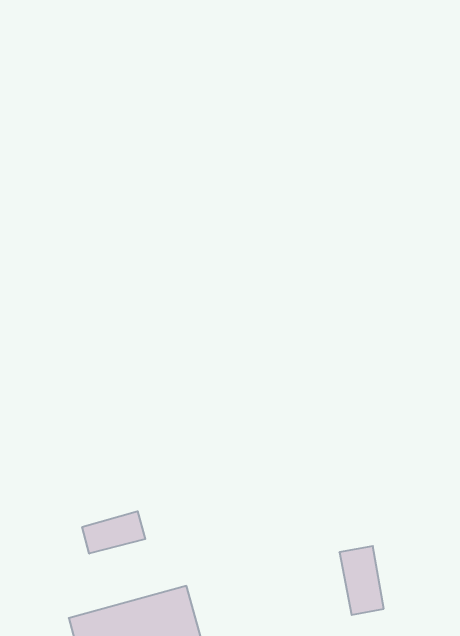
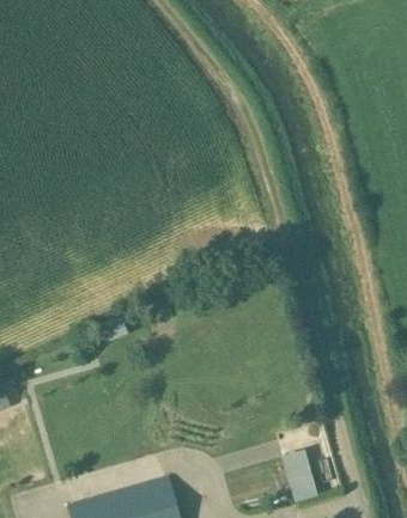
building: [82,511,145,554] -> none

